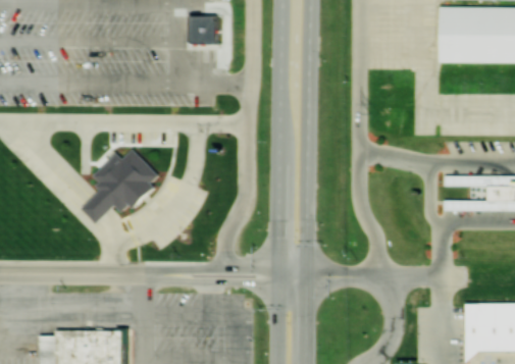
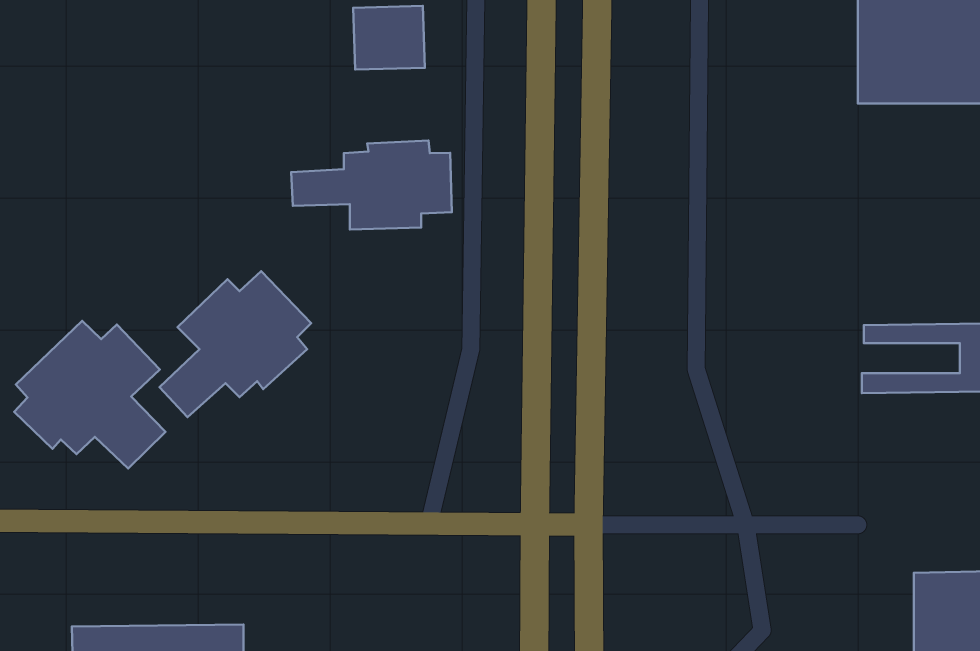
building: none -> [291,140,452,230]
building: none -> [14,321,166,468]

